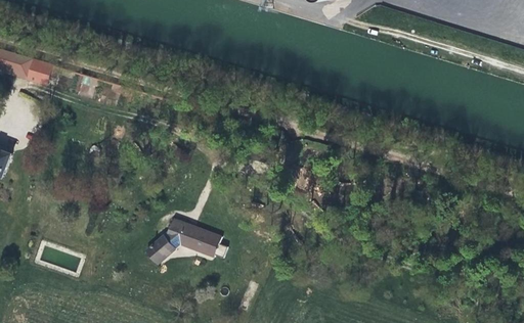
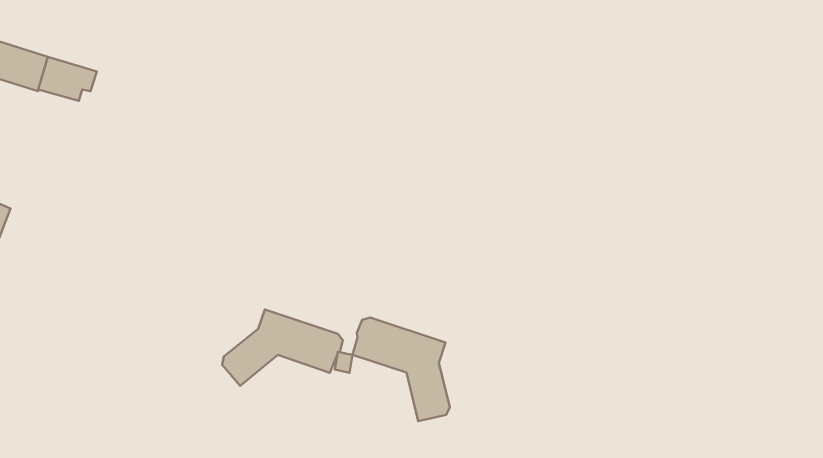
building: none -> [353,317,450,421]

